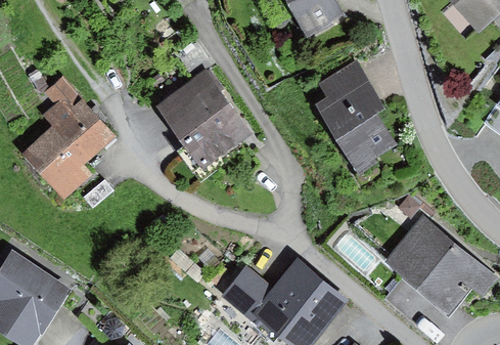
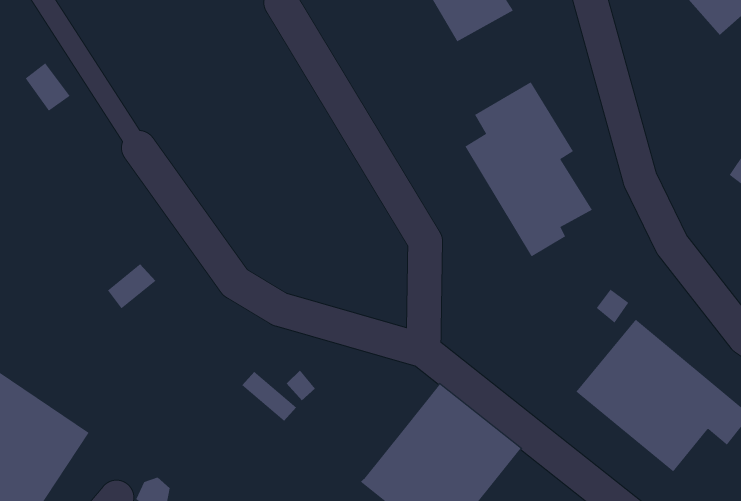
building: [153,67,253,172] -> none
building: [21,78,115,200] -> none
building: [221,265,274,319] -> none

